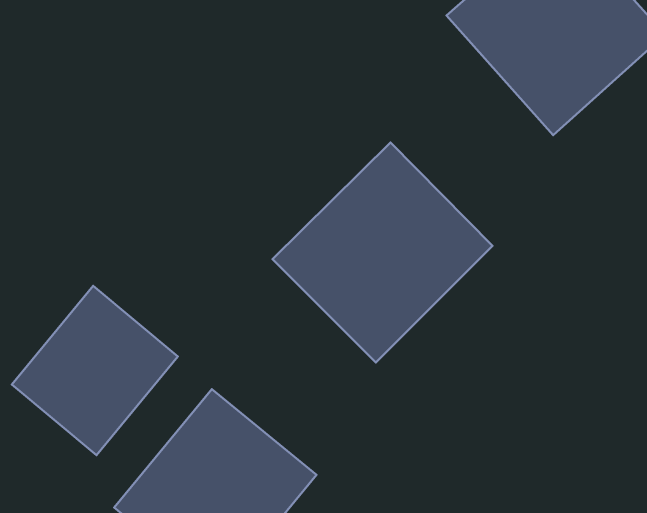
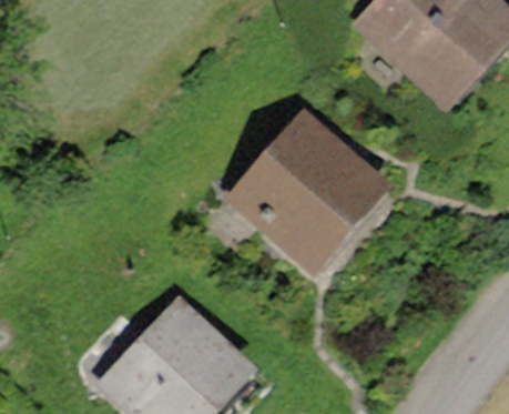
building: [12,286,178,455] -> none

